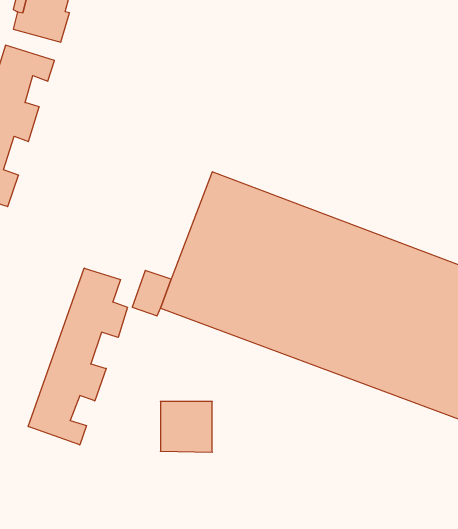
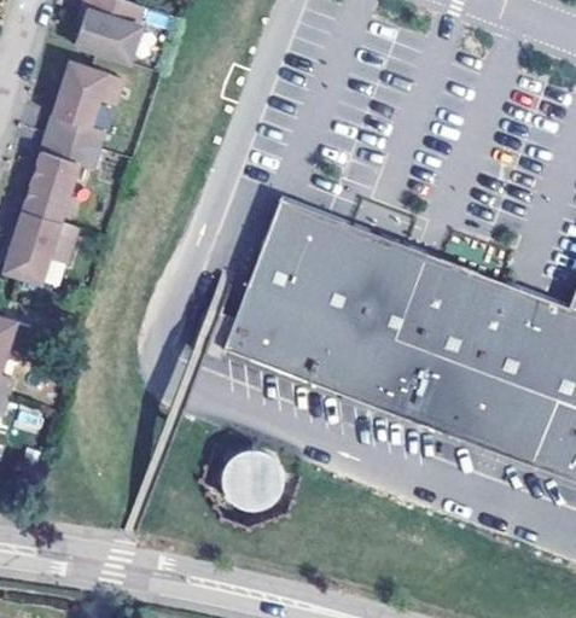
building: [28,268,128,445] -> none

